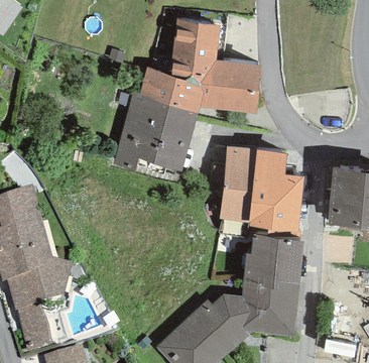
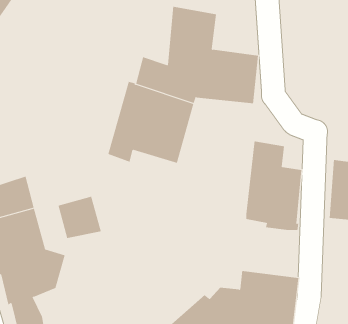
building: [219,146,255,221] -> none
building: none -> [58,196,102,239]
building: [243,234,302,283] -> none

